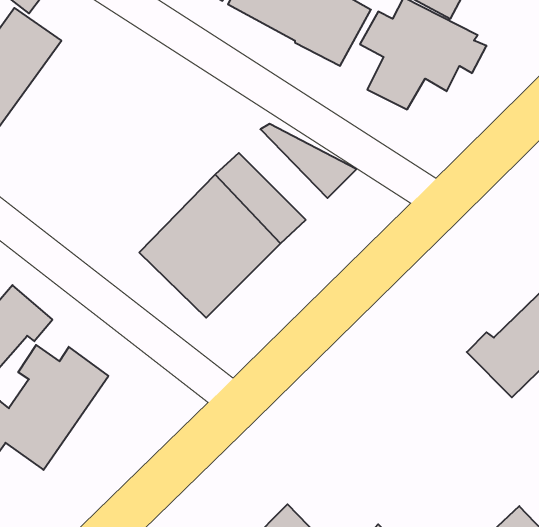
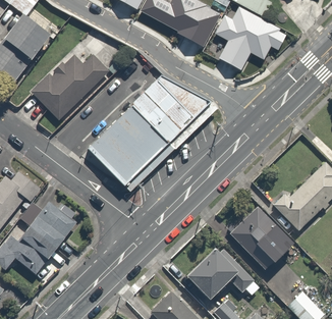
building: none -> [31,54,109,119]
building: none -> [146,82,196,132]
building: none -> [230,209,294,270]
building: none -> [187,249,255,300]

